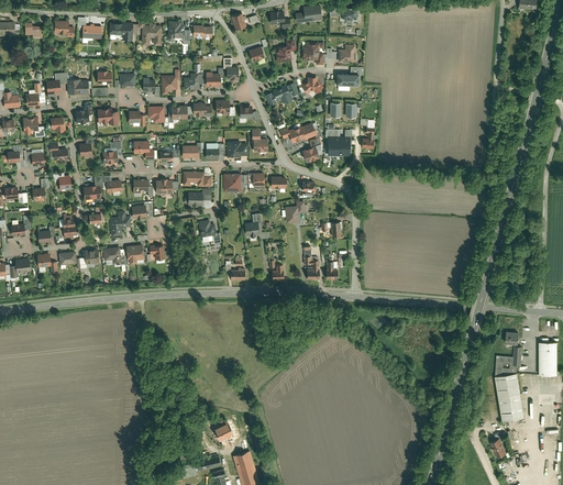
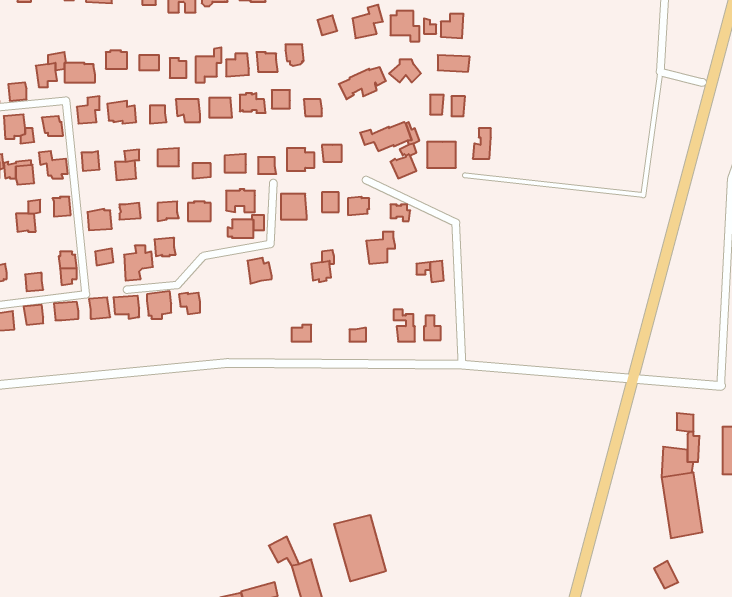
building: none -> [334,515,386,581]

